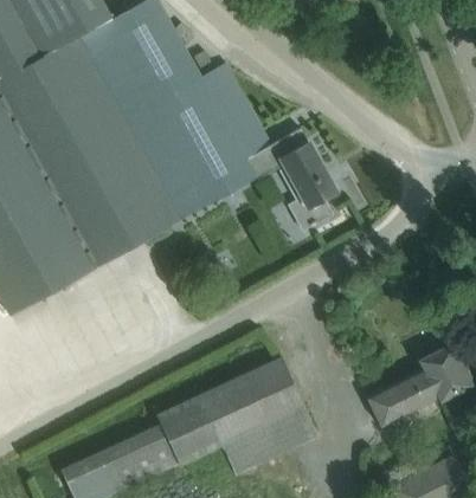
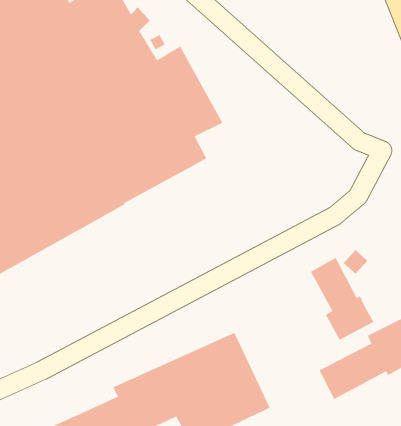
building: [245,129,335,225] -> none
building: none -> [310,257,374,340]

